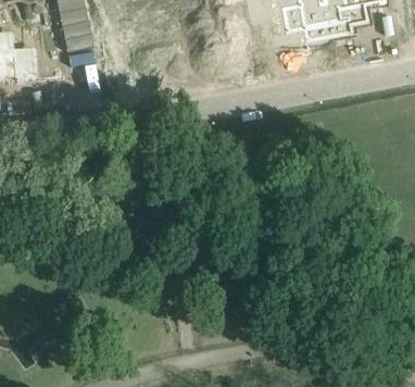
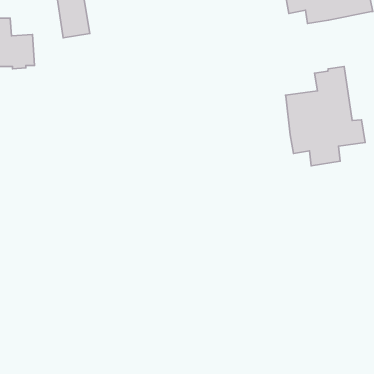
building: none -> [285,66,365,166]

